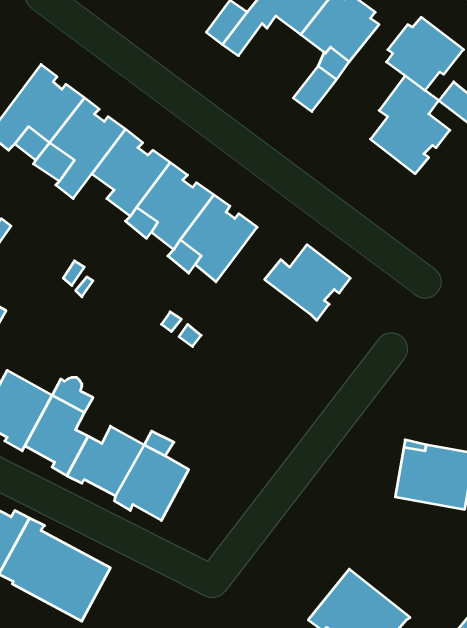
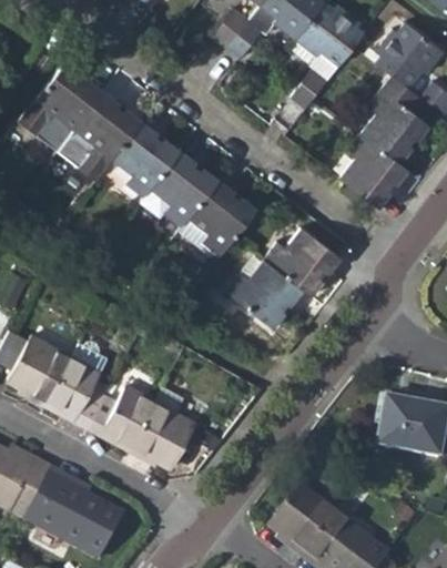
building: none -> [338,130,407,205]
building: none -> [225,255,305,326]
building: none -> [270,485,339,559]

